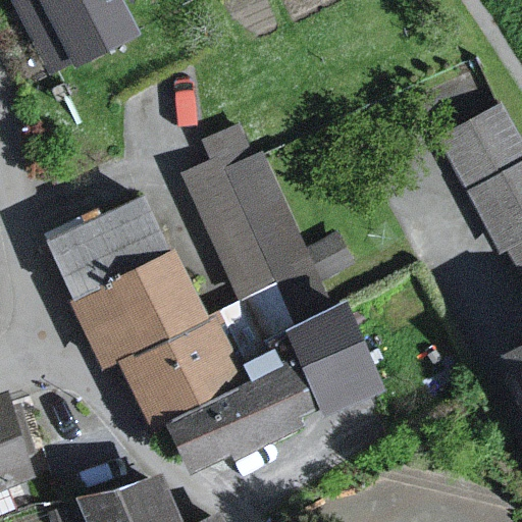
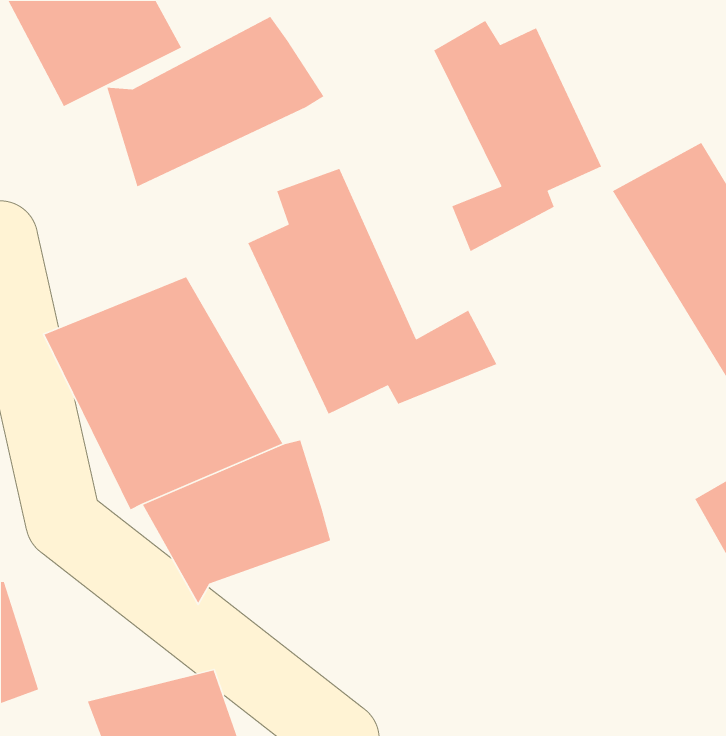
building: none -> [106,16,325,188]
building: none -> [433,20,602,252]
building: [149,308,372,468] -> none

